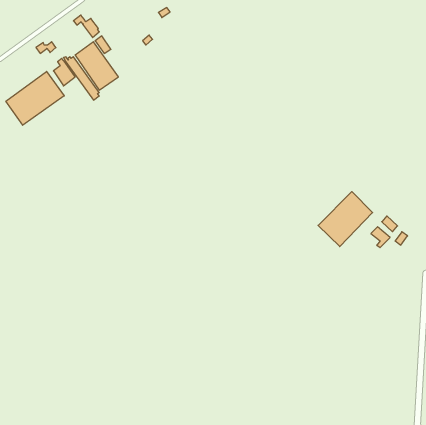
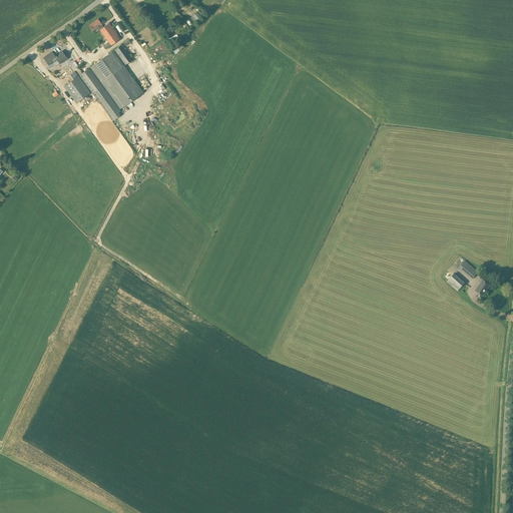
building: [6,71,64,125] -> none
building: [318,192,373,247] -> none

